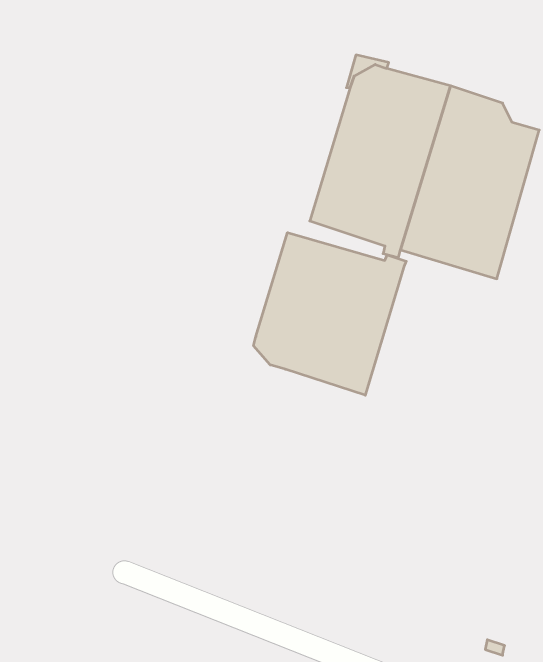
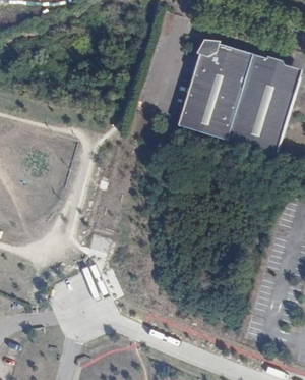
building: [254,233,406,395] -> none

